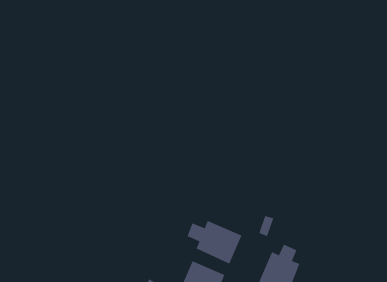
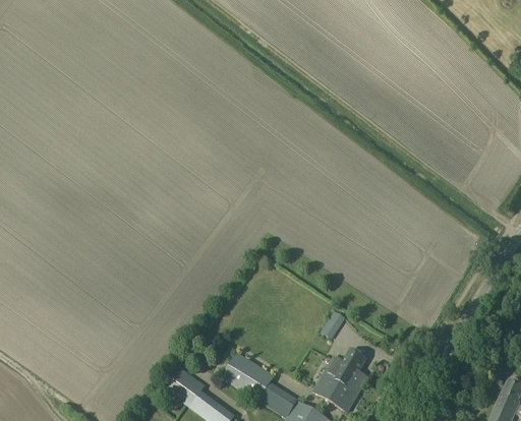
building: [187,220,242,264] -> none

